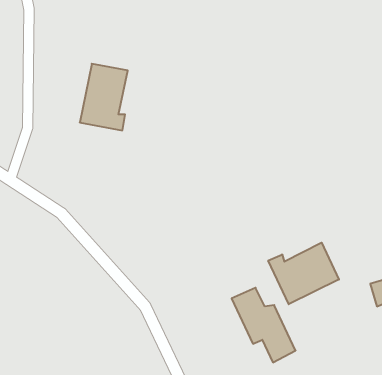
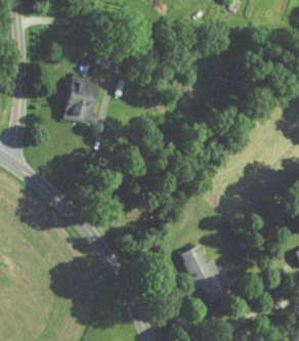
building: [268,243,339,304] -> none

